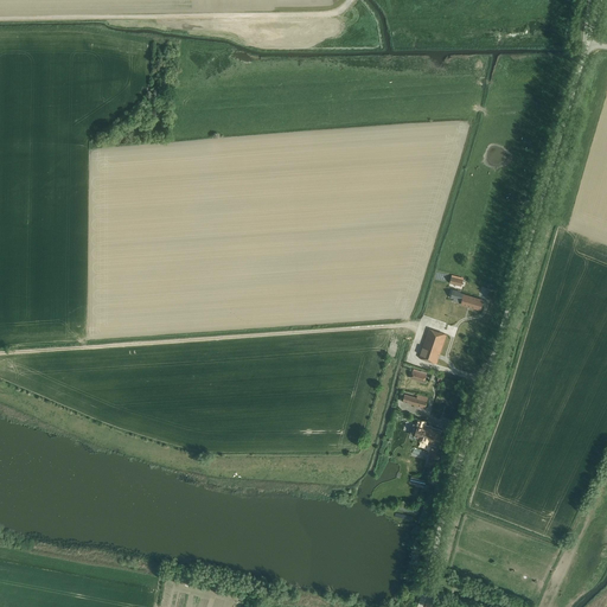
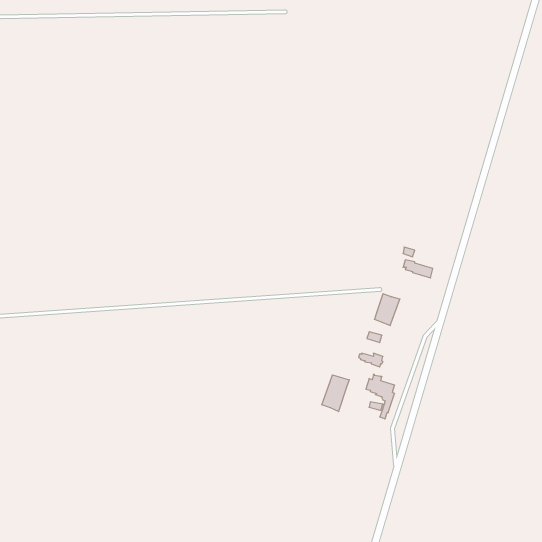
building: none -> [322,375,349,412]

